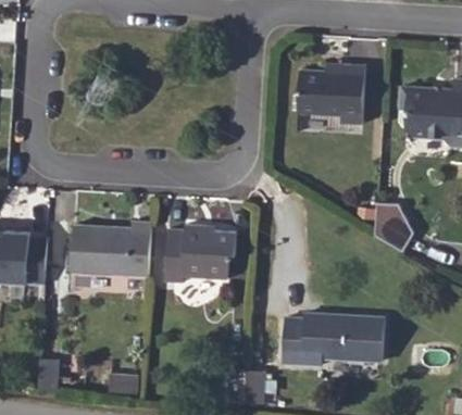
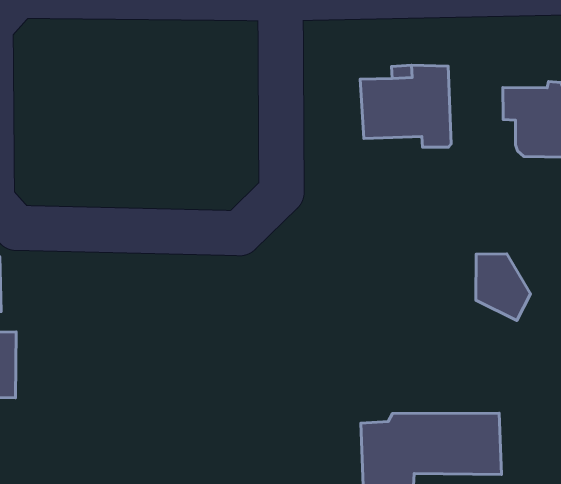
building: [66,222,149,275] -> none
building: [165,222,237,278] -> none

